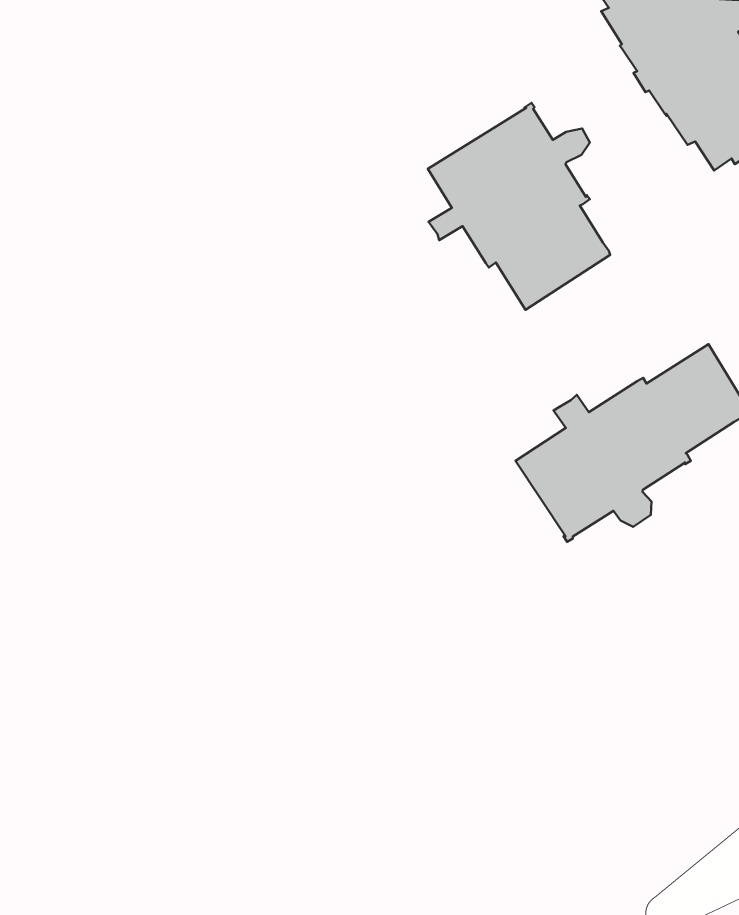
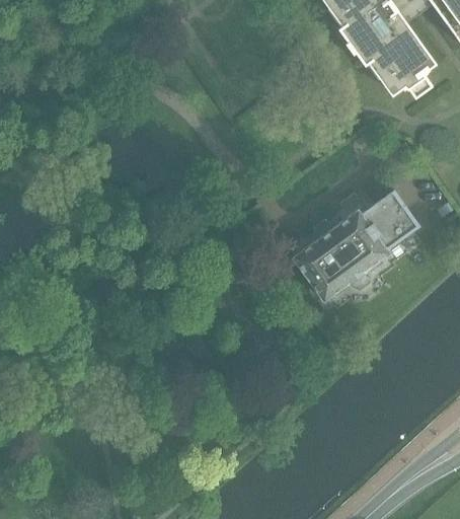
building: [428,103,610,310] -> none

